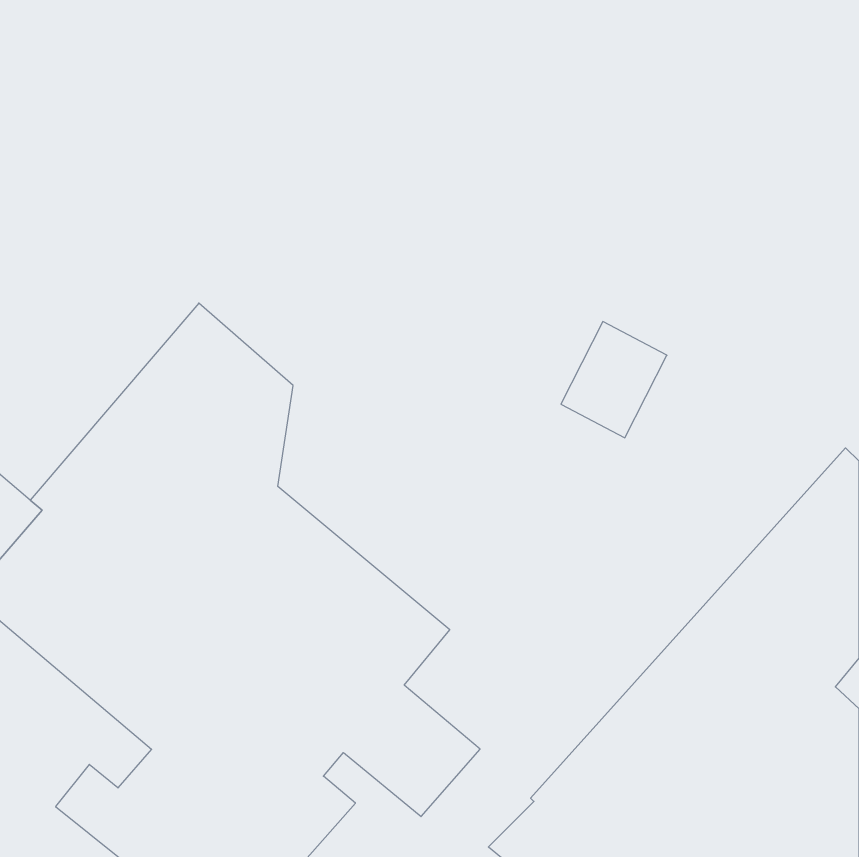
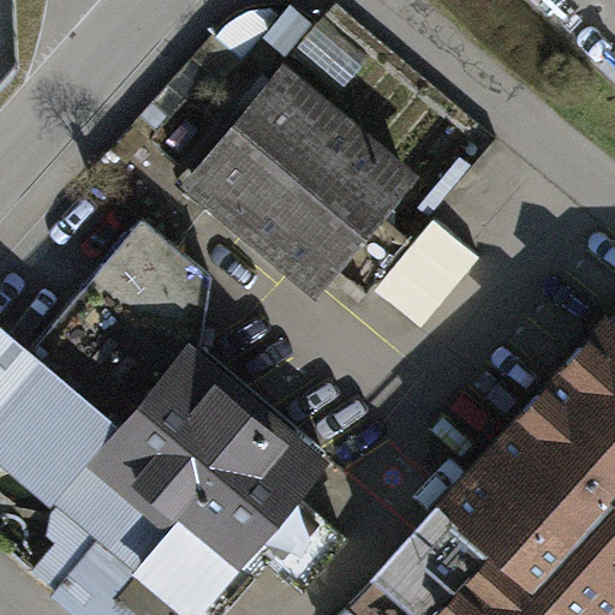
building: none -> [195,76,407,298]

